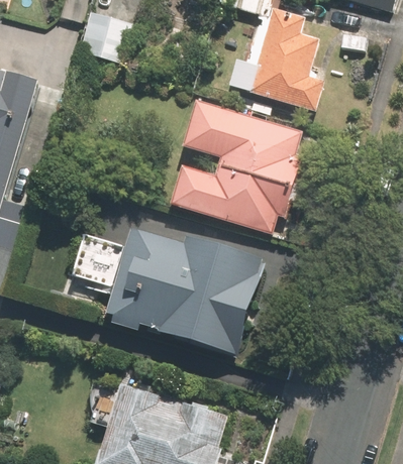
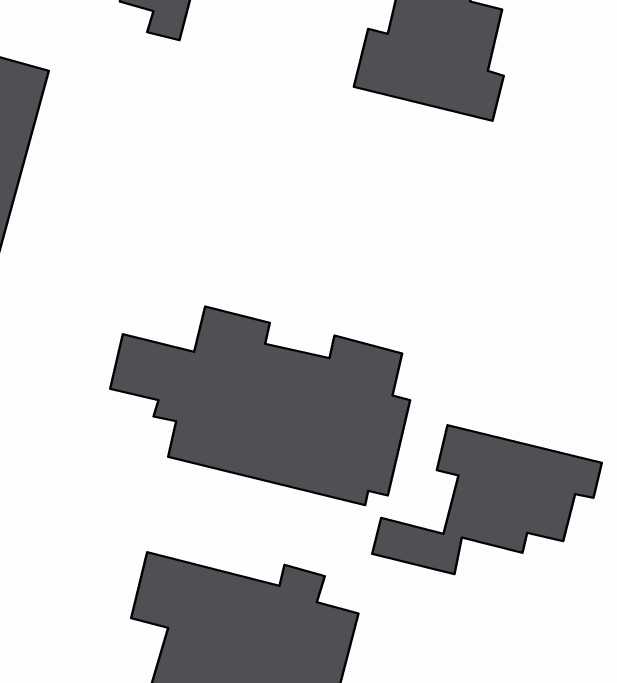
building: [172,100,306,232] -> none
building: none -> [372,425,602,574]

